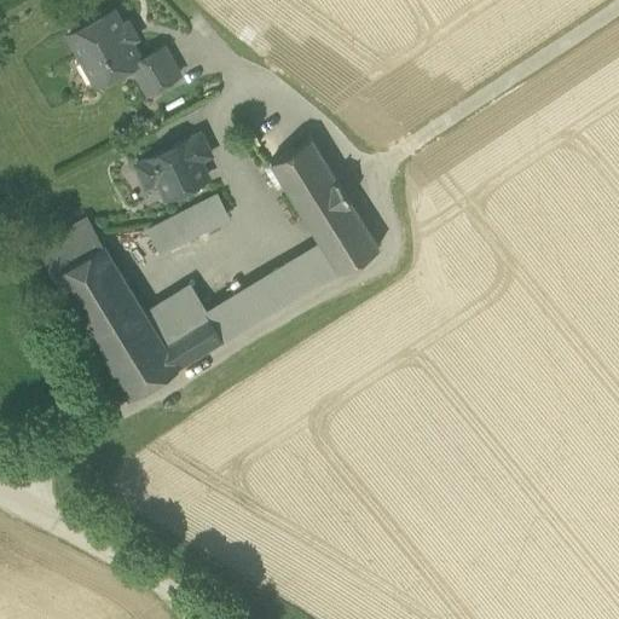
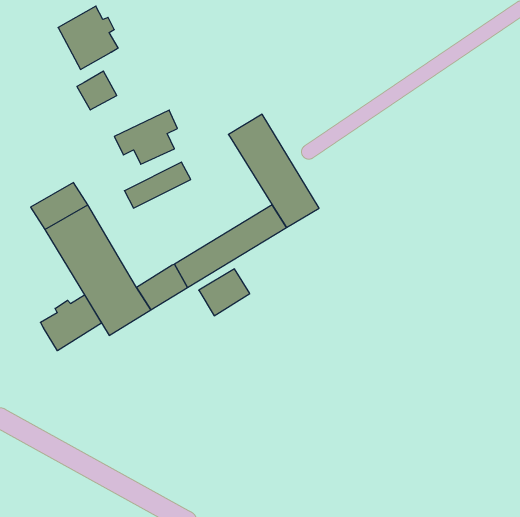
building: [133,48,180,94] -> [77,71,117,110]
building: [145,290,206,346] -> [199,269,250,316]
building: none -> [40,295,102,351]

